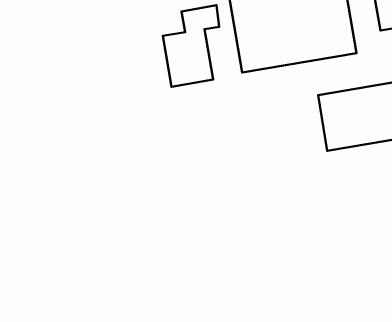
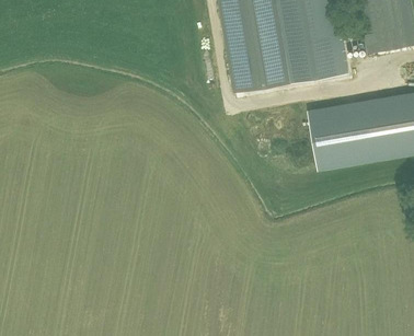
building: [163,5,219,87] -> none

